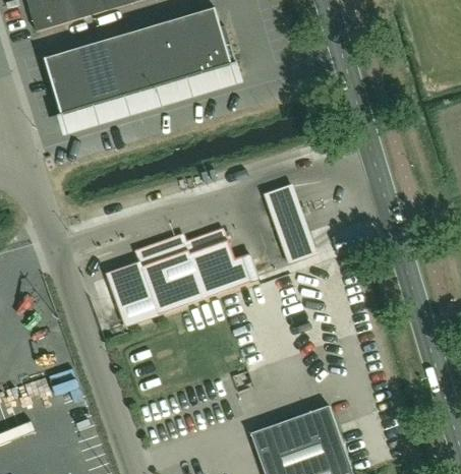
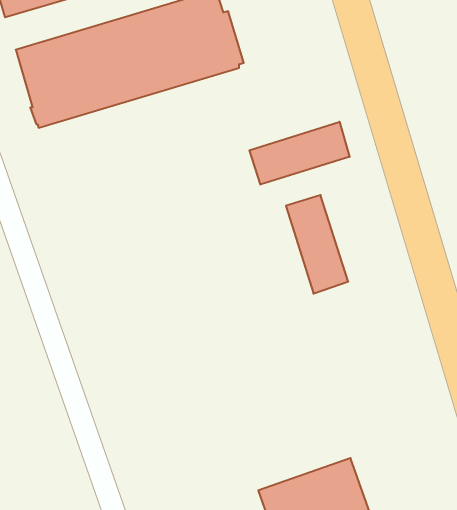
building: none -> [249,122,350,185]
building: [102,229,257,331] -> none

